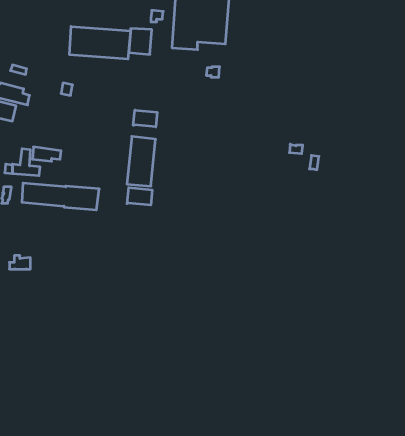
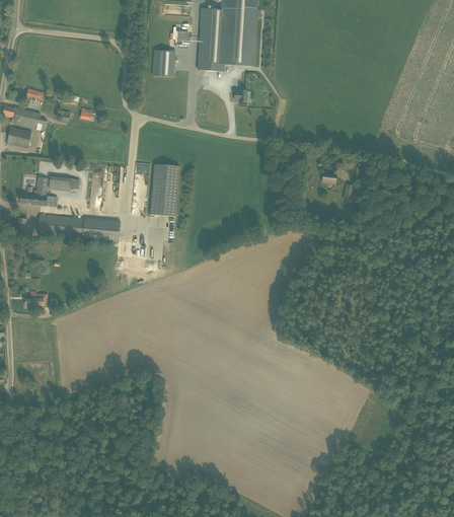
building: [70,26,131,59] -> none
building: [133,110,157,127] -> none
building: [127,188,152,205] -> none

